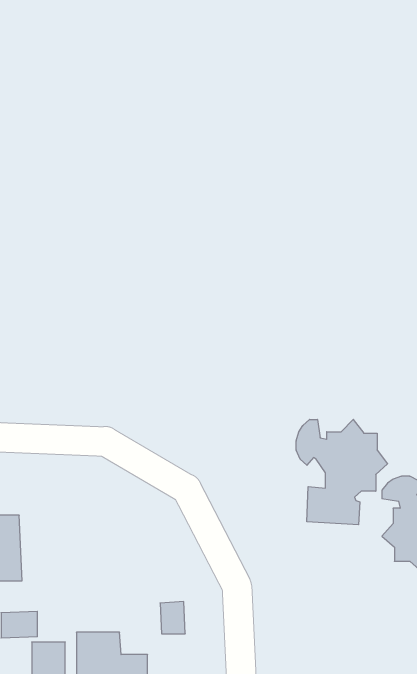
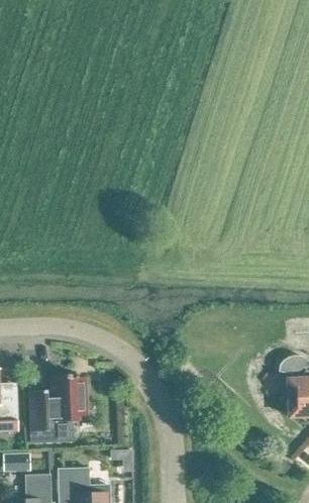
building: [296,419,388,525] -> none
building: none -> [28,374,87,442]

